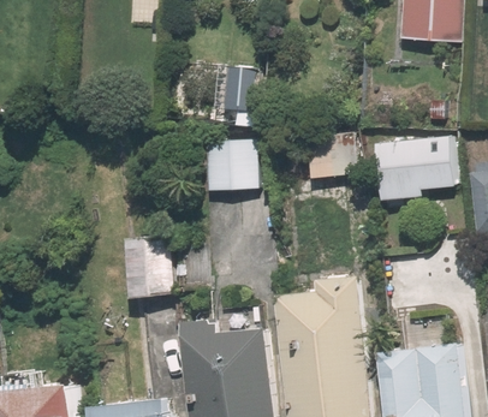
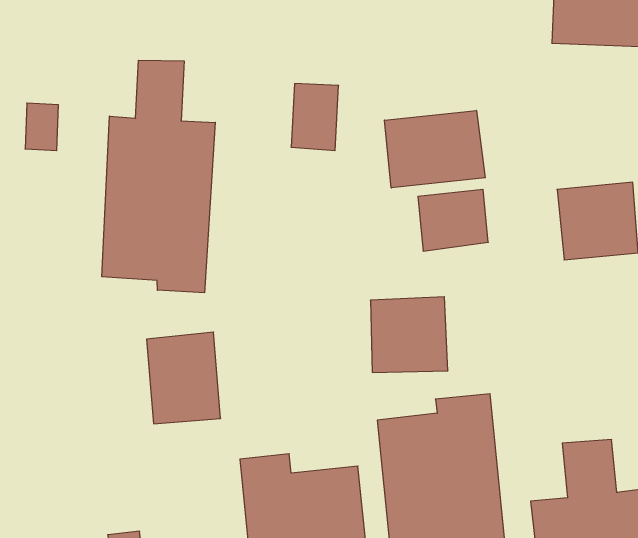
building: none -> [102,60,215,293]
building: none -> [385,110,485,188]
building: [203,139,256,191] -> [370,297,448,372]

